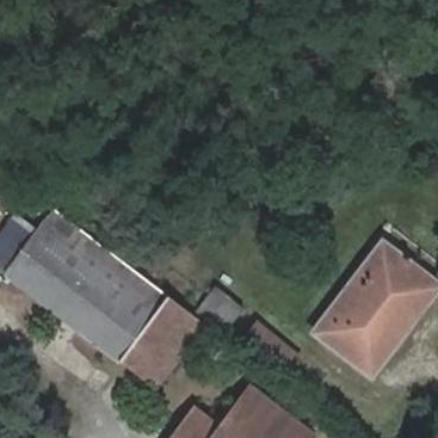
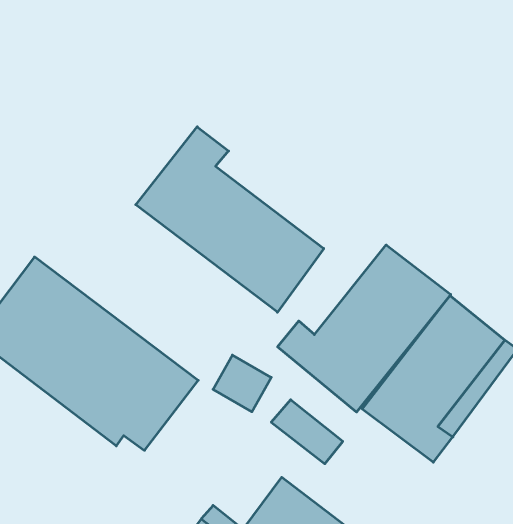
building: none -> [136,127,324,312]
building: none -> [278,245,451,412]
building: [117,308,205,390] -> none

